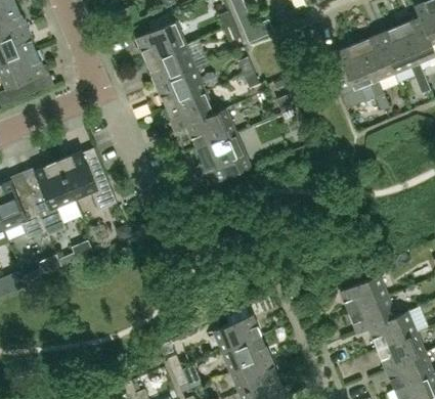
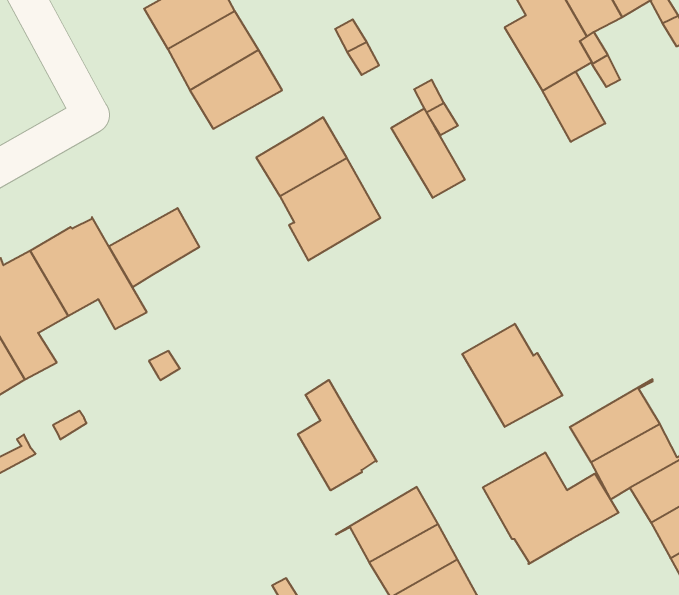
building: [166,91,215,131] -> [109,208,199,287]
building: none -> [543,72,605,142]
building: none -> [391,109,465,198]
building: none -> [462,324,562,427]
building: none -> [298,380,377,490]
building: none -> [483,452,619,564]

